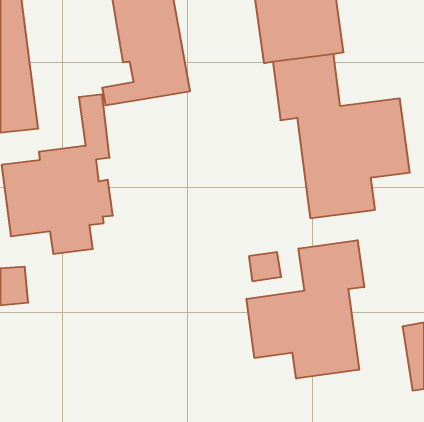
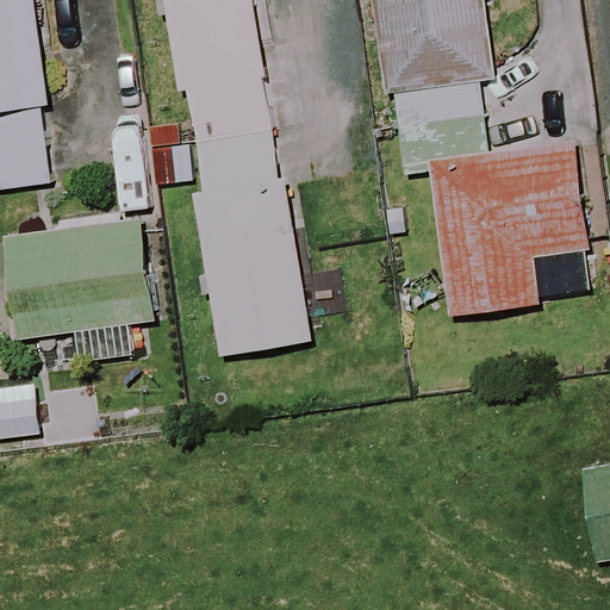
building: none -> [191,131,342,355]
building: [247,240,364,379] -> none

